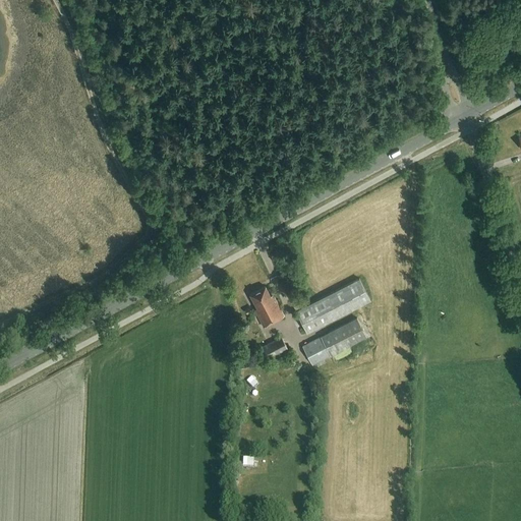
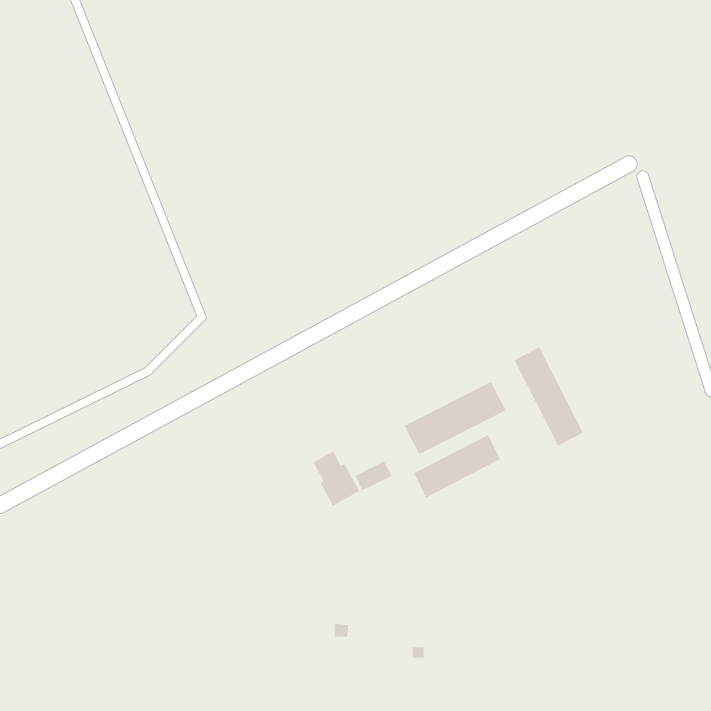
building: none -> [514,346,583,446]
building: [249,286,284,327] -> [313,451,360,507]

